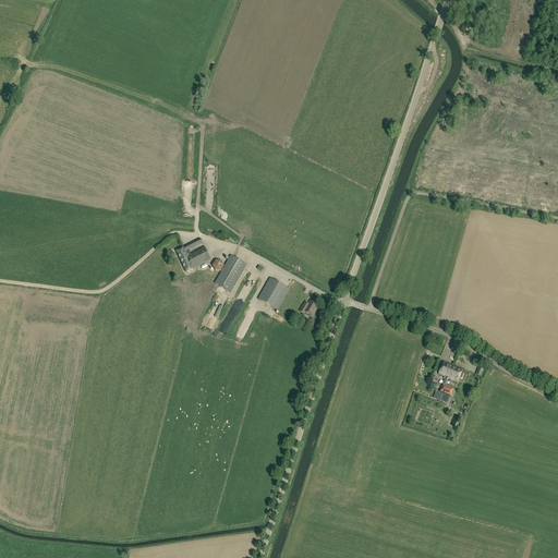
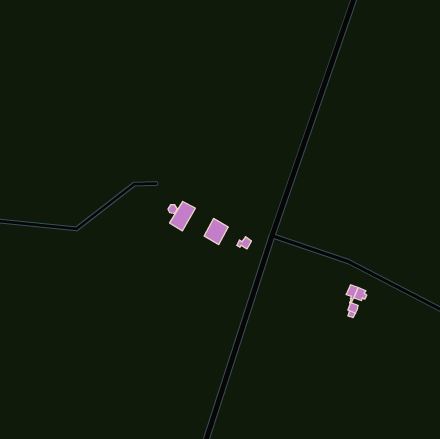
building: [175,238,211,271] -> none

